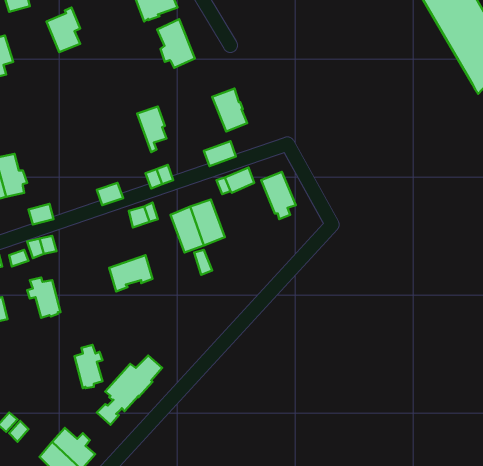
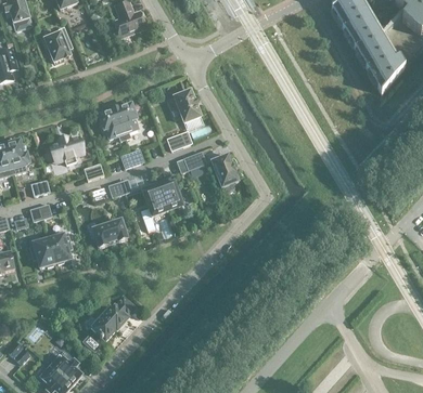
building: [157,19,195,68] -> none
building: none -> [98,108,125,140]
building: none -> [49,135,84,163]
building: [74,345,102,388] -> [48,230,69,263]

